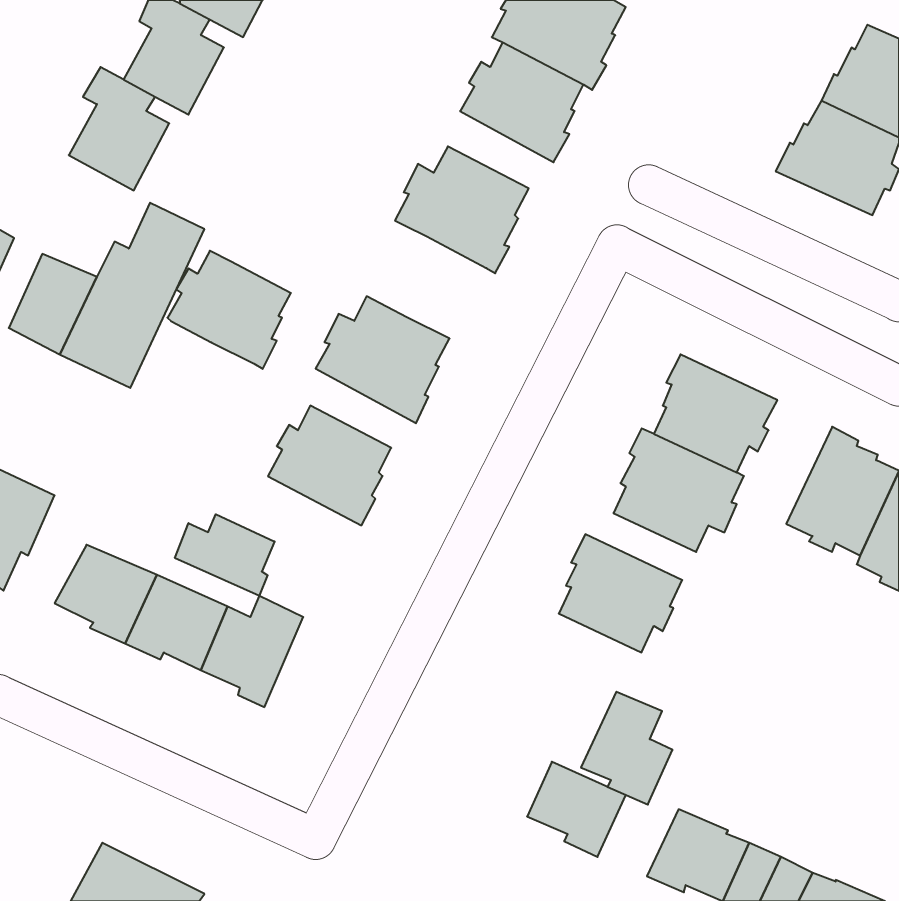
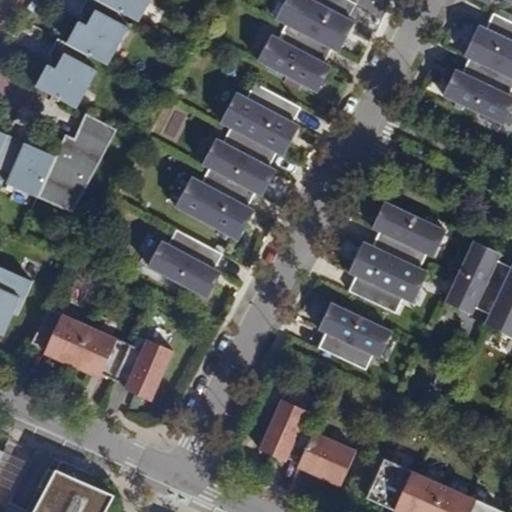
building: [167,251,291,369] -> [206,128,276,195]
building: [175,514,275,596] -> none
building: [581,692,673,805] -> [261,399,313,463]

